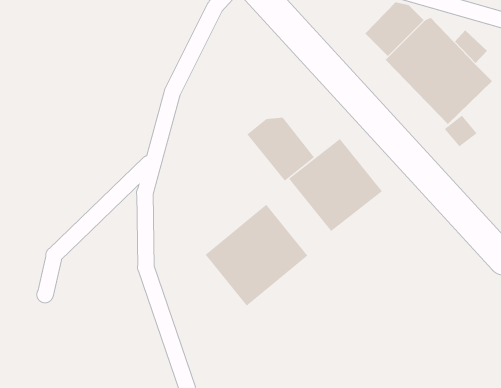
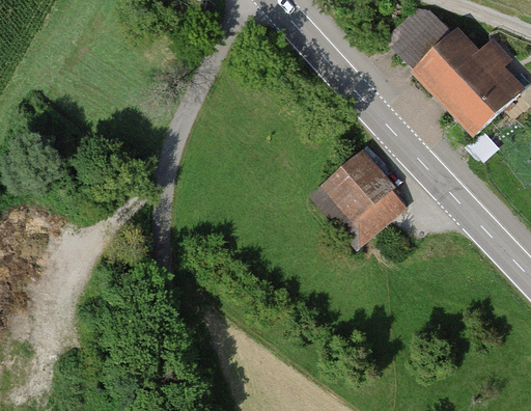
building: [247,117,315,182] -> none
building: [205,204,308,307] -> none

